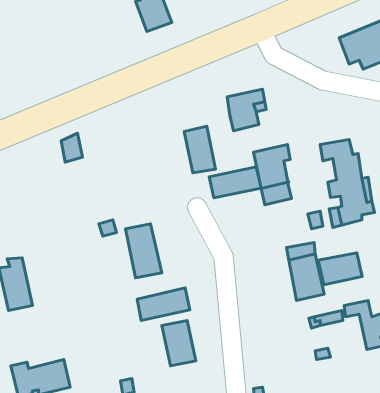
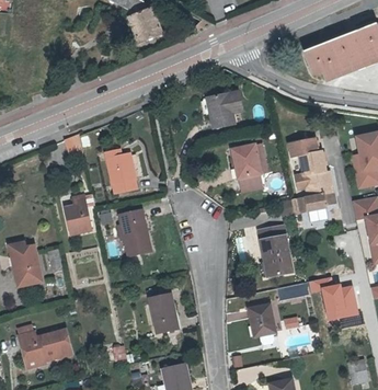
building: [184,126,216,173] -> [108,153,136,194]
building: [209,167,261,198] -> none
building: none -> [65,193,91,232]
building: [318,253,362,285] -> none
building: [137,288,190,321] -> none
building: none -> [249,306,276,346]

